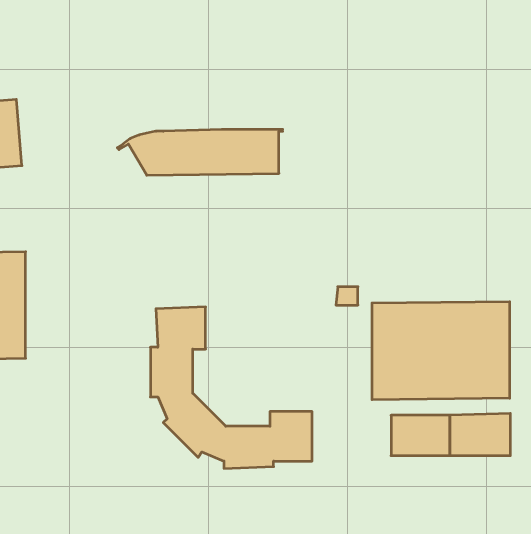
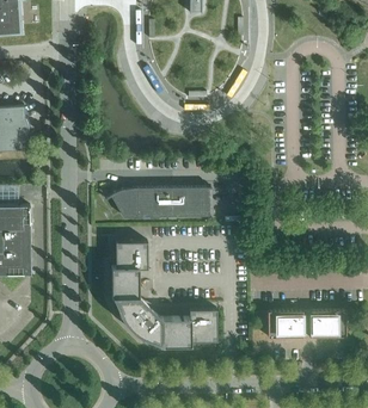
building: [117,129,283,175] -> [104,187,211,217]
building: [372,302,510,400] -> none

